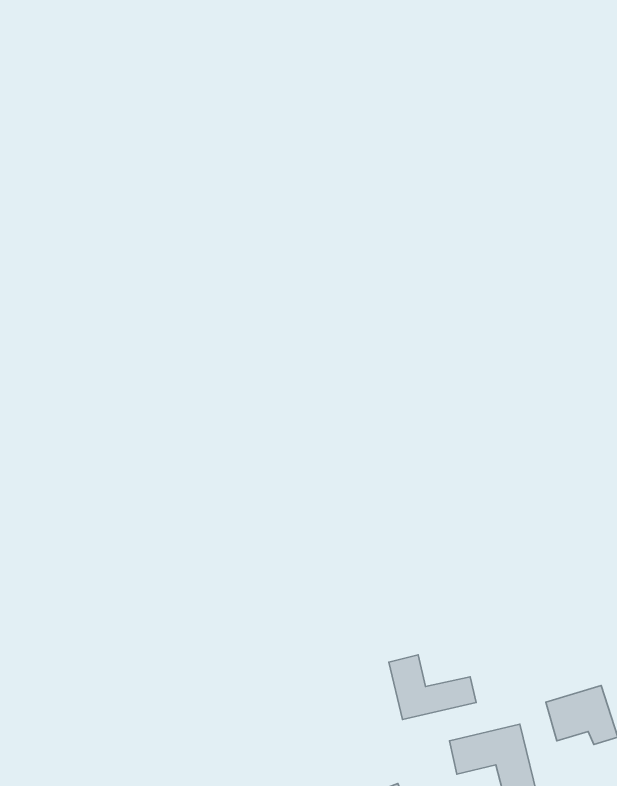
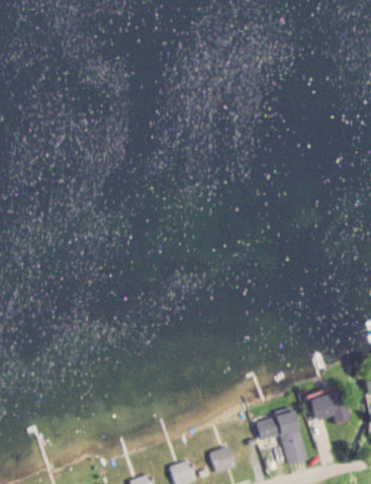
building: [389,655,476,719] -> none

